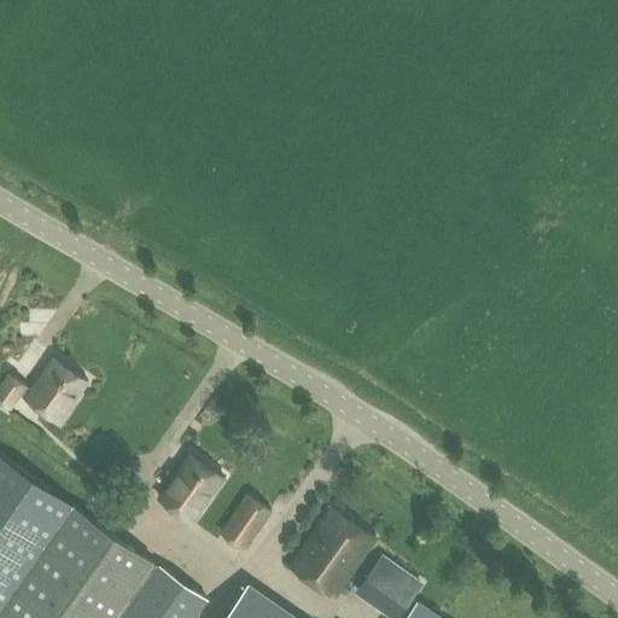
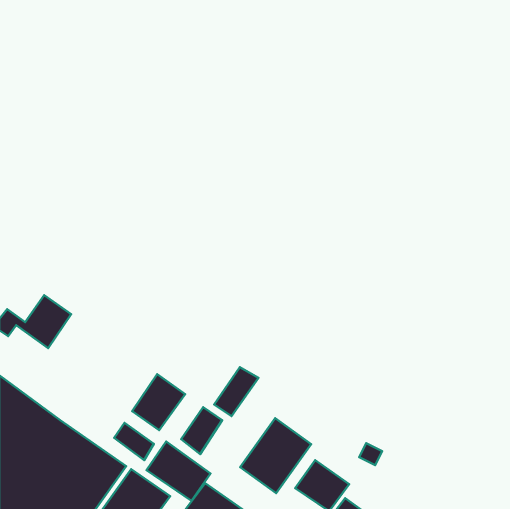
building: none -> [214,367,259,416]
building: none -> [114,423,154,460]
building: none -> [147,442,211,501]

